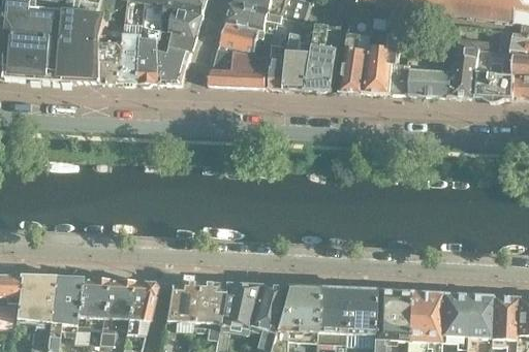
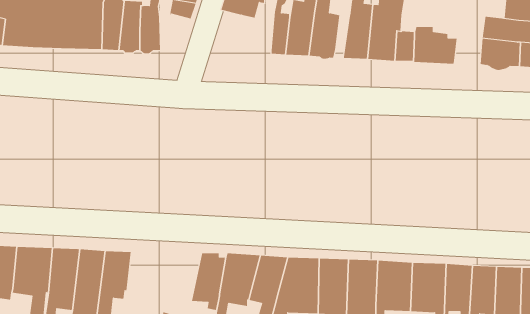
building: [449,43,479,95] -> none
building: [159,45,190,83] -> none
building: [209,45,269,85] -> none
building: [124,280,155,332] -> none
building: [161,280,200,335] -> none

